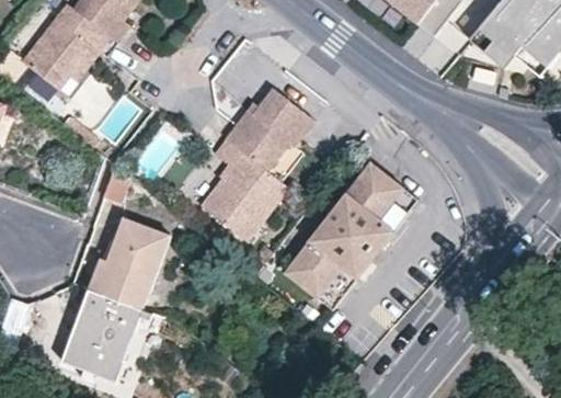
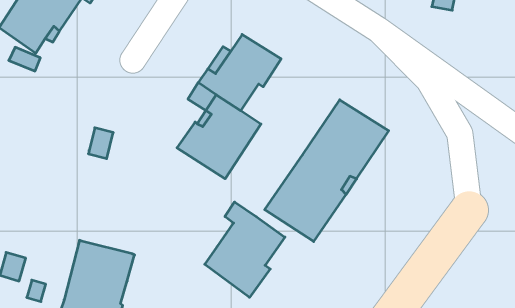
building: [90,217,169,307] -> none
building: none -> [205,202,285,297]

